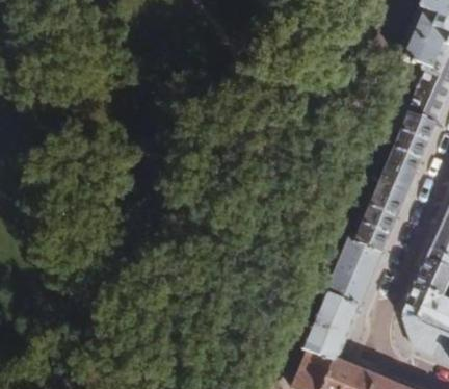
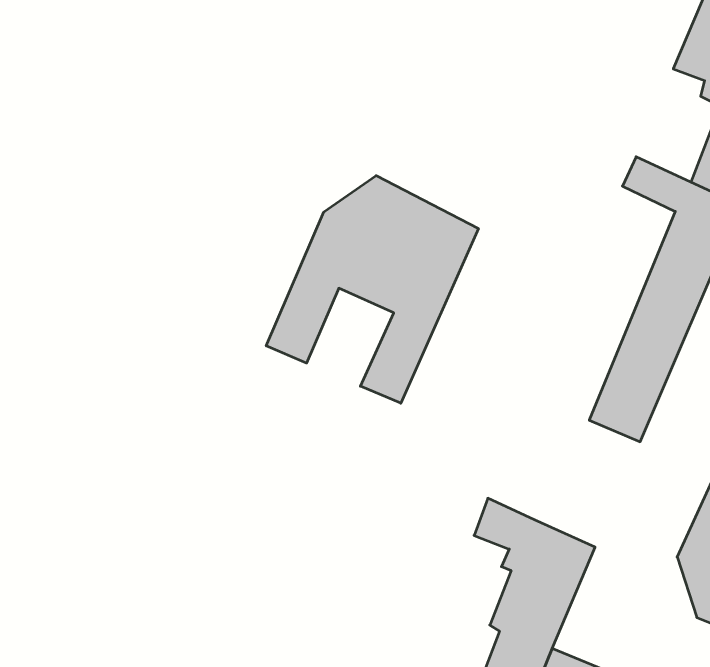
building: none -> [266,176,478,403]
building: [326,235,382,306] -> none

